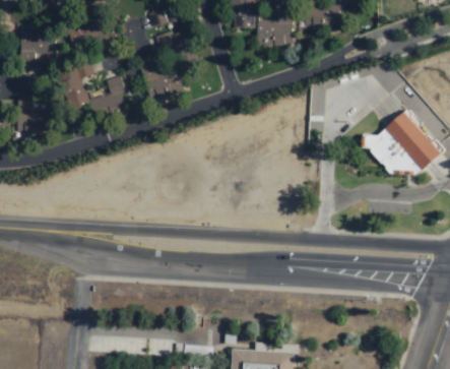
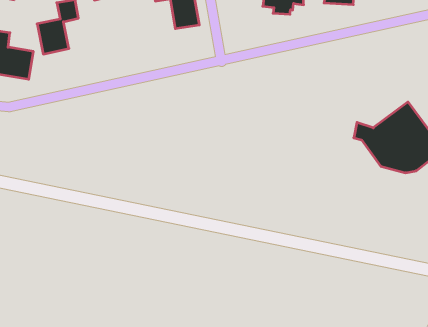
building: [141,62,185,102] -> none
building: [92,75,128,121] -> none

